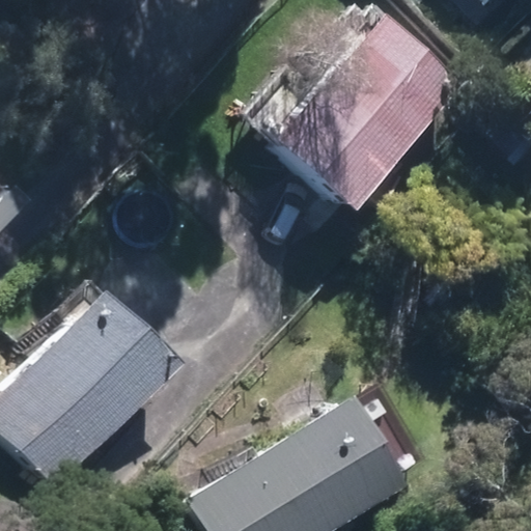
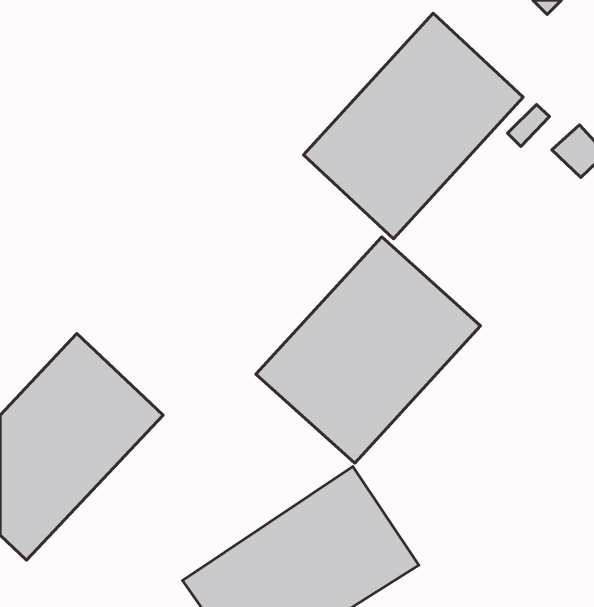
building: none -> [256,237,481,463]

